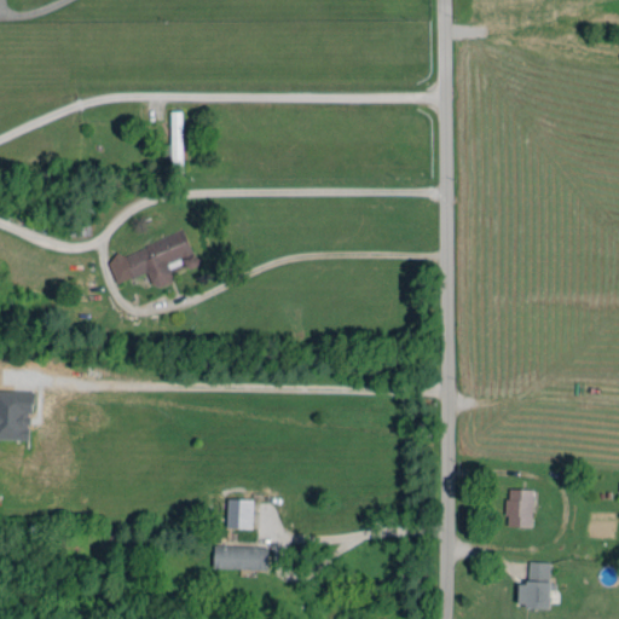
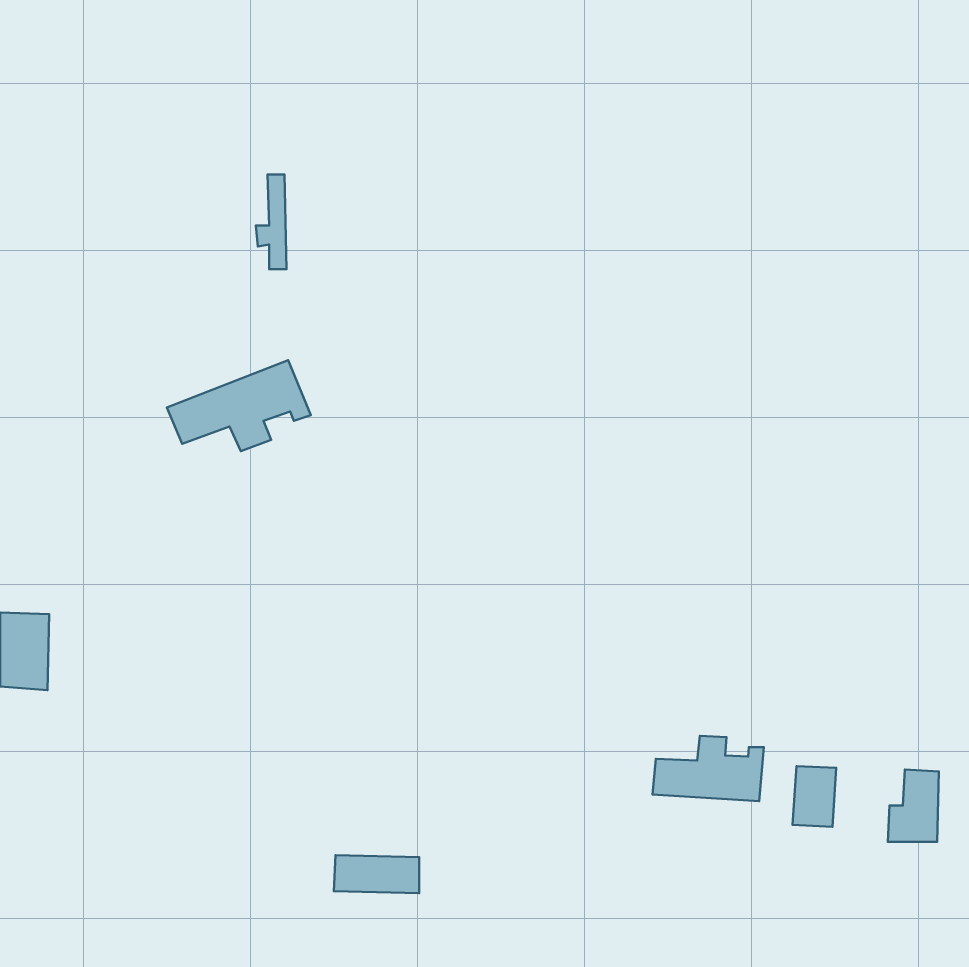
building: none -> [653,736,764,801]
building: [226,499,253,530] -> none
building: [517,562,550,608] -> [888,770,939,842]

